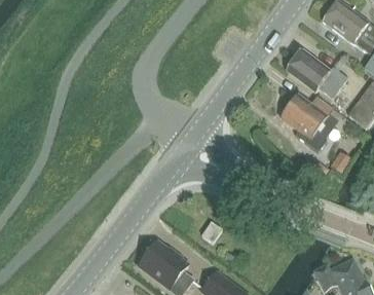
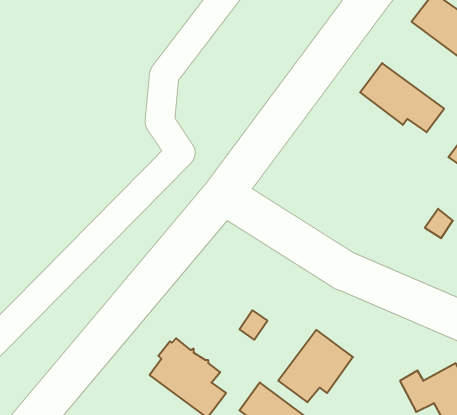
building: [280,94,334,150] -> none
building: none -> [278,330,353,402]

